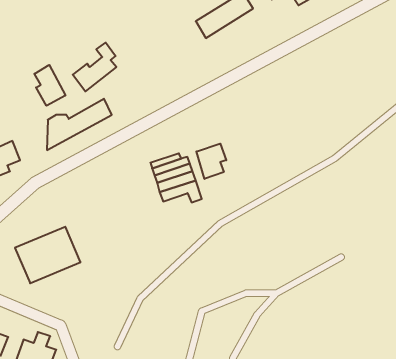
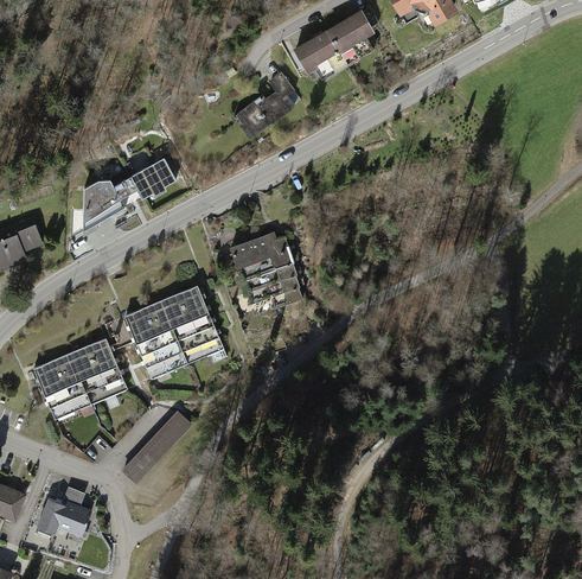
building: [73,43,116,91] -> [236,71,298,140]
building: [34,65,65,106] -> none
building: [196,144,226,179] -> none
building: none -> [121,285,219,380]
building: none -> [119,411,191,484]

